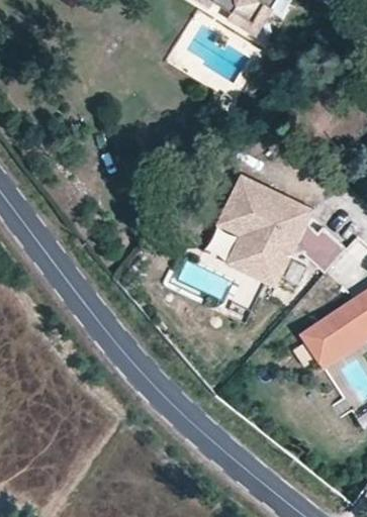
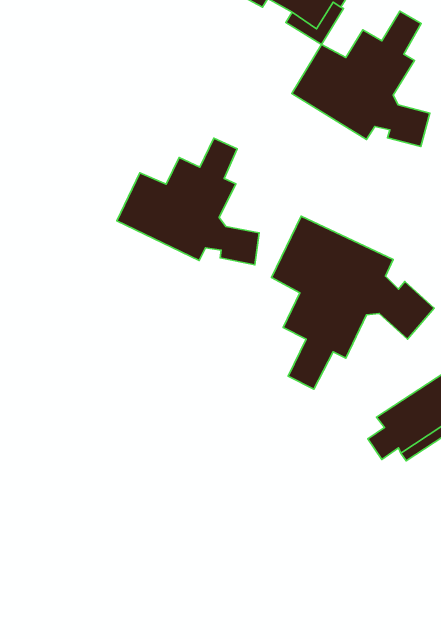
building: none -> [292,11,430,147]
building: none -> [117,138,259,265]

